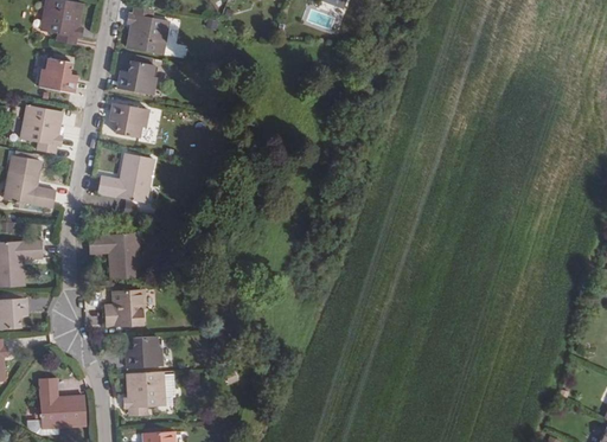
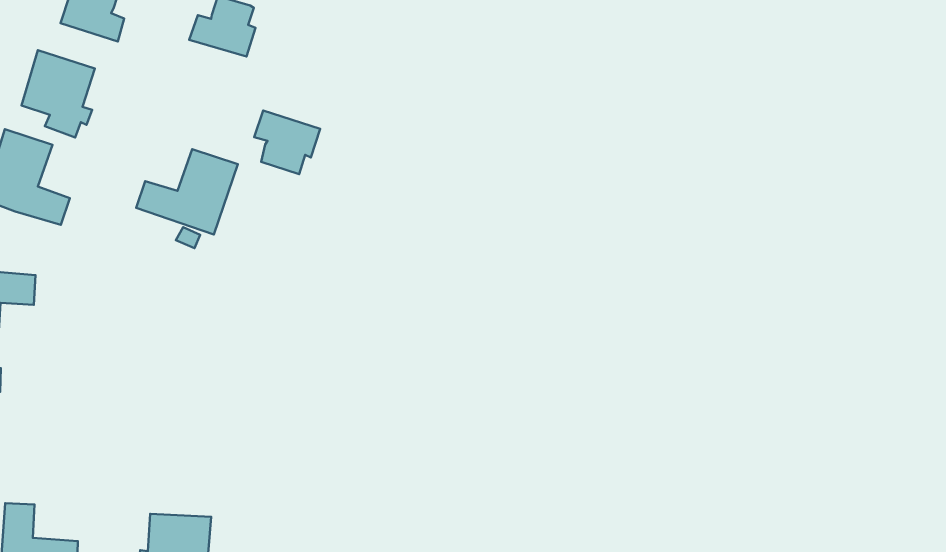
building: [109,102,148,137] -> [254,111,320,174]
building: [88,233,140,278] -> none
building: [106,289,145,327] -> none
building: [124,335,161,367] -> none

